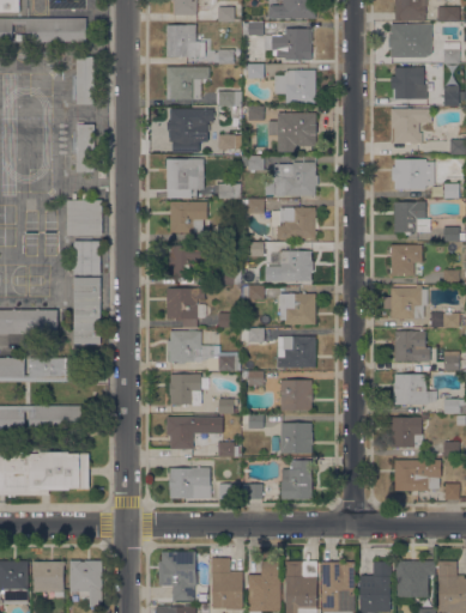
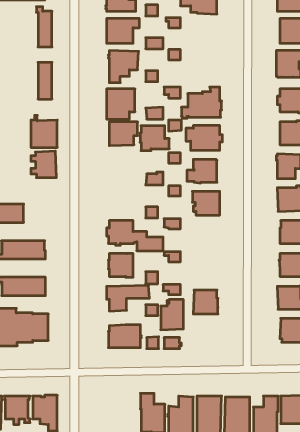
building: [274,71,315,103] -> none
building: [268,114,316,152] -> none
building: [169,245,207,278] -> [140,126,169,151]
building: [73,278,101,345] -> none
building: [167,289,207,328] -> none
building: [278,336,315,368] -> none
building: [280,381,313,411] -> none
building: [282,461,311,500] -> [161,300,183,330]
building: [158,552,196,601] -> none

